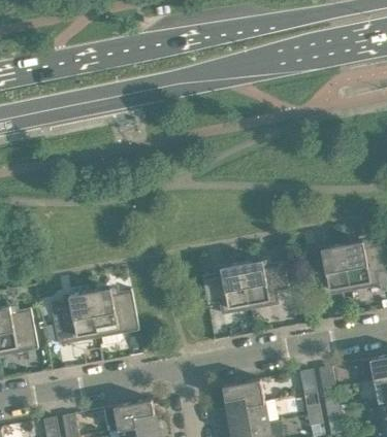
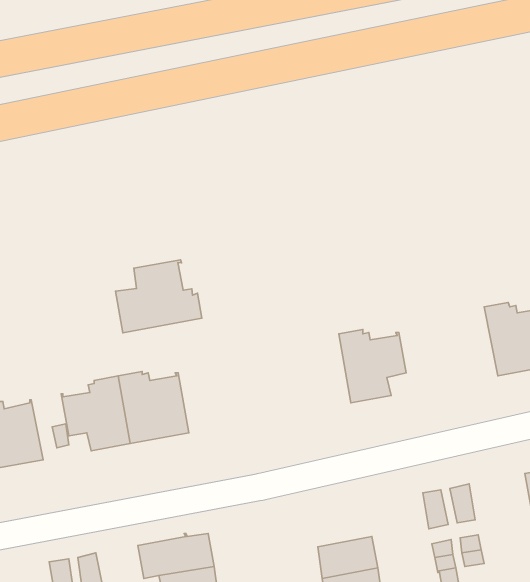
building: none -> [115,260,202,333]
building: [302,243,351,295] -> none
building: [202,262,250,314] -> none
building: [222,378,264,408] -> none

